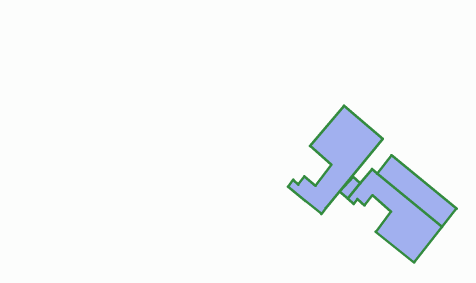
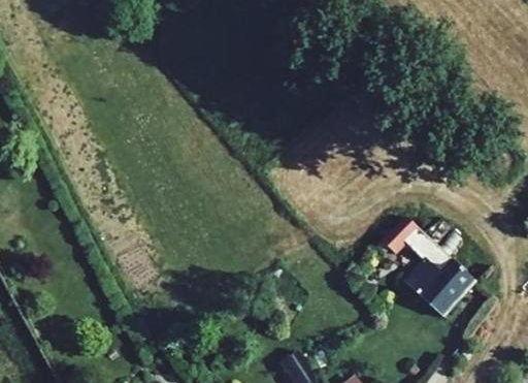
building: [288,106,383,214] -> none

